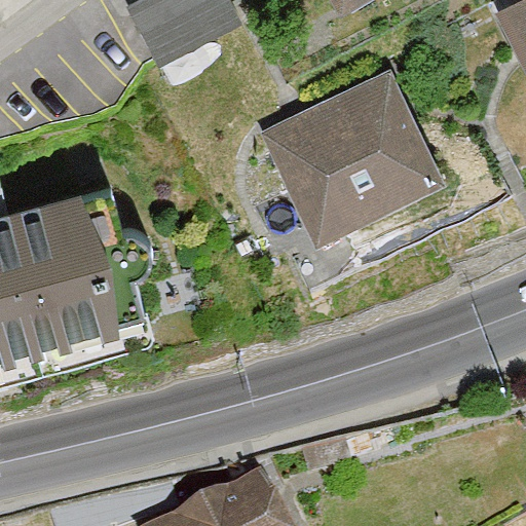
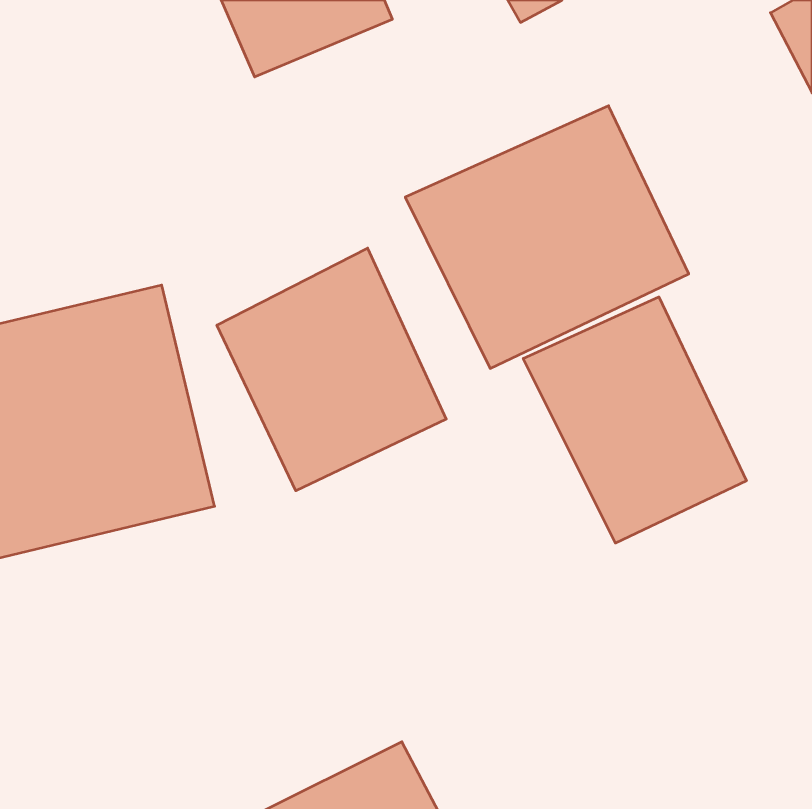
building: none -> [217,248,446,491]
building: none -> [523,297,746,543]

